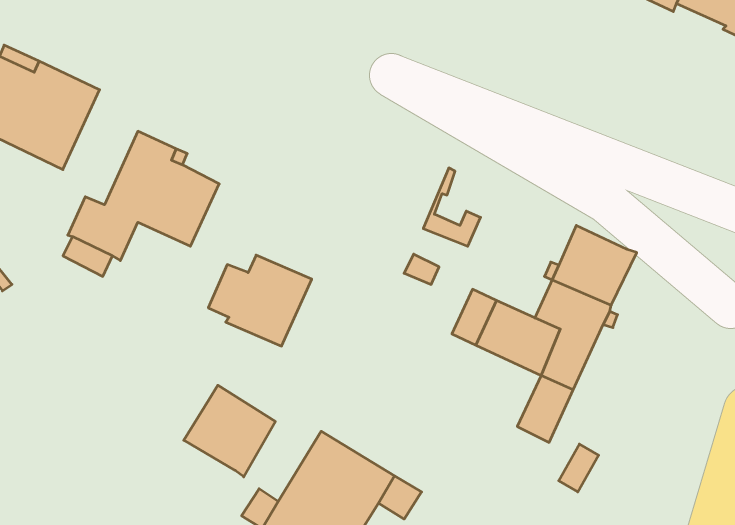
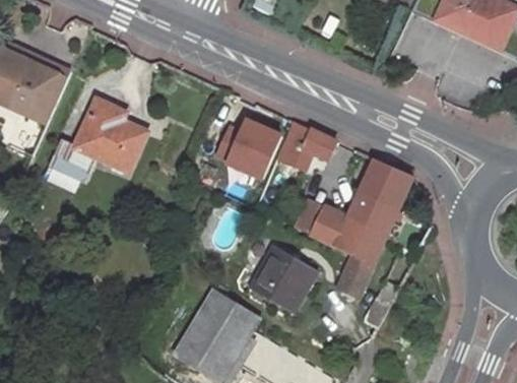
building: none -> [284,123,336,158]
building: [208,255,312,346] -> [215,120,281,178]
building: none -> [249,245,318,312]
building: [184,385,275,477] -> none

